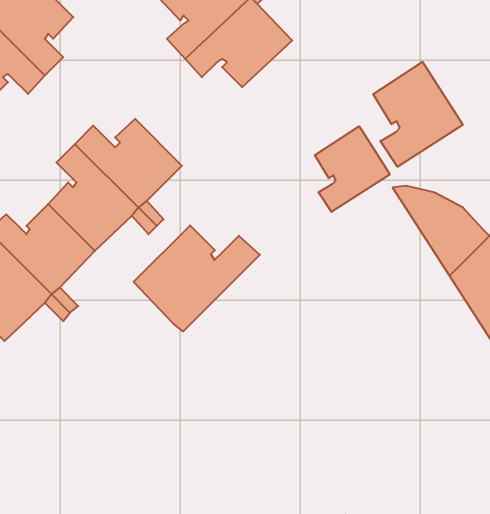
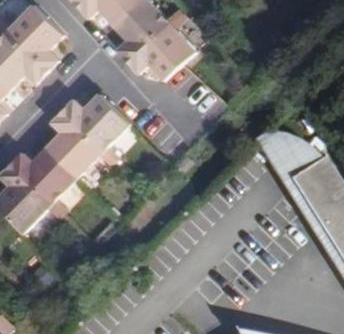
building: [373,62,463,167] -> none
building: [315,126,390,212] -> none
building: [134,225,260,331] -> none

